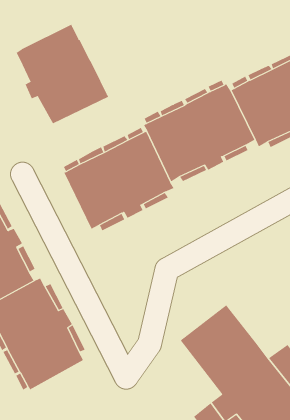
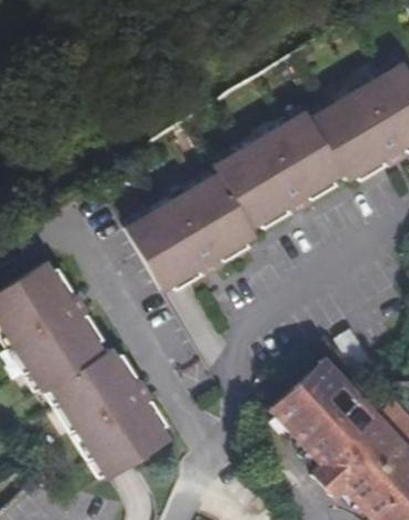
building: [16,24,109,124] -> none

